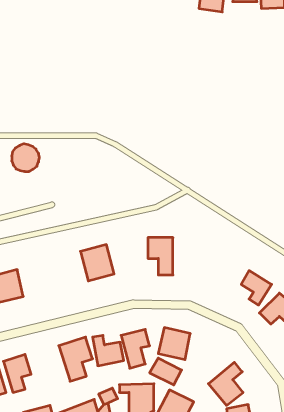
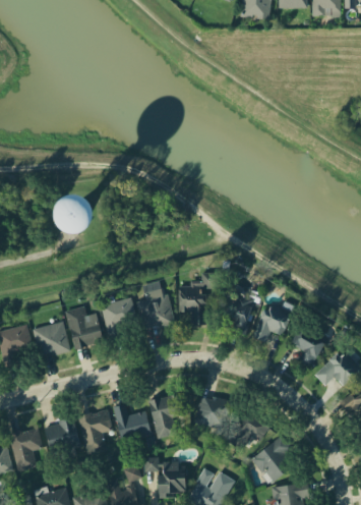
building: [12,144,39,171] -> [57,200,89,232]
building: none -> [133,282,173,330]
building: none -> [227,292,255,335]
building: none -> [250,302,289,343]
building: none -> [66,304,103,349]
building: none -> [33,321,71,359]
building: none -> [43,417,79,454]
building: [150,358,182,385] -> [231,412,268,444]

